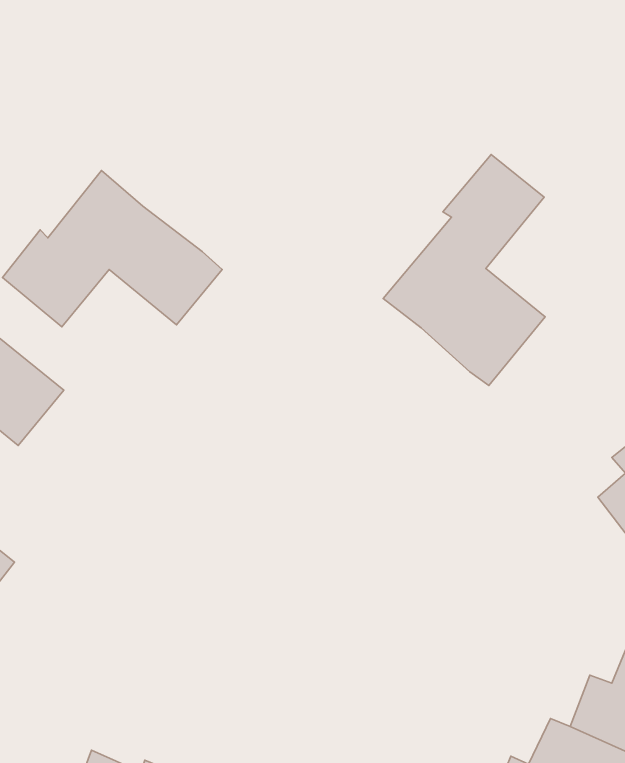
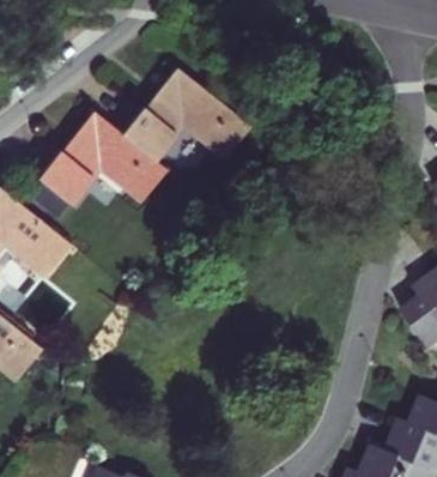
building: none -> [122,70,251,162]
building: [383,155,545,385] -> none

